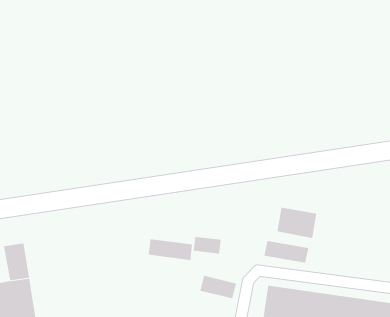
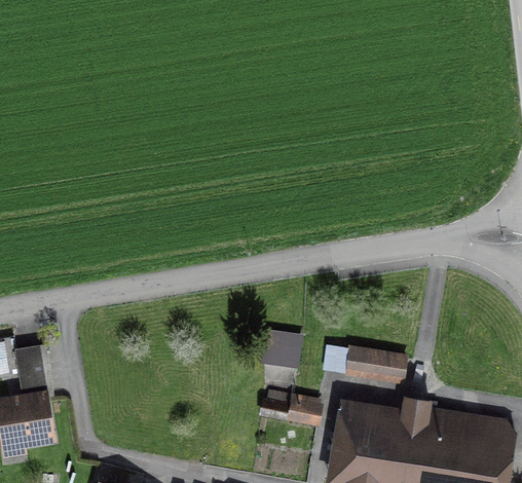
building: [277,207,317,239] -> none
building: [148,239,193,261] -> none

